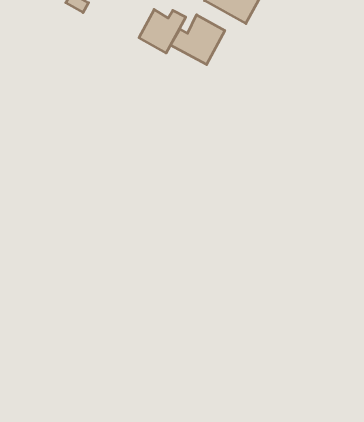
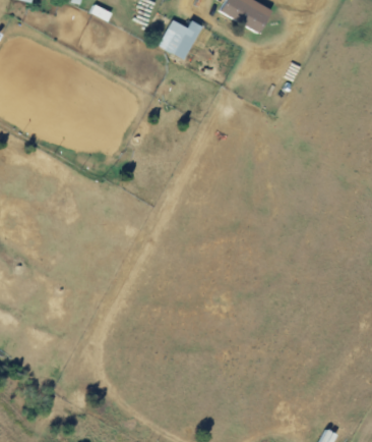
building: [171,15,225,65] -> none

